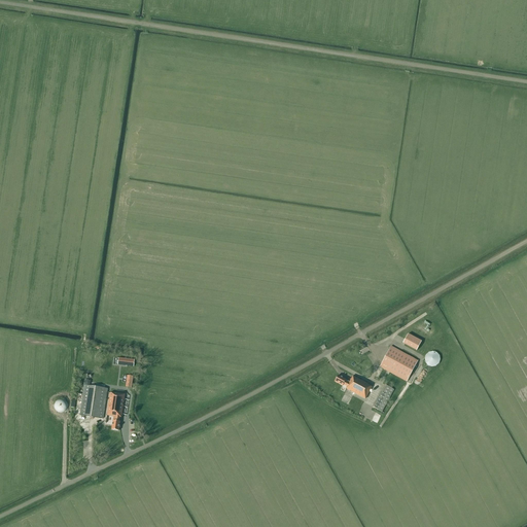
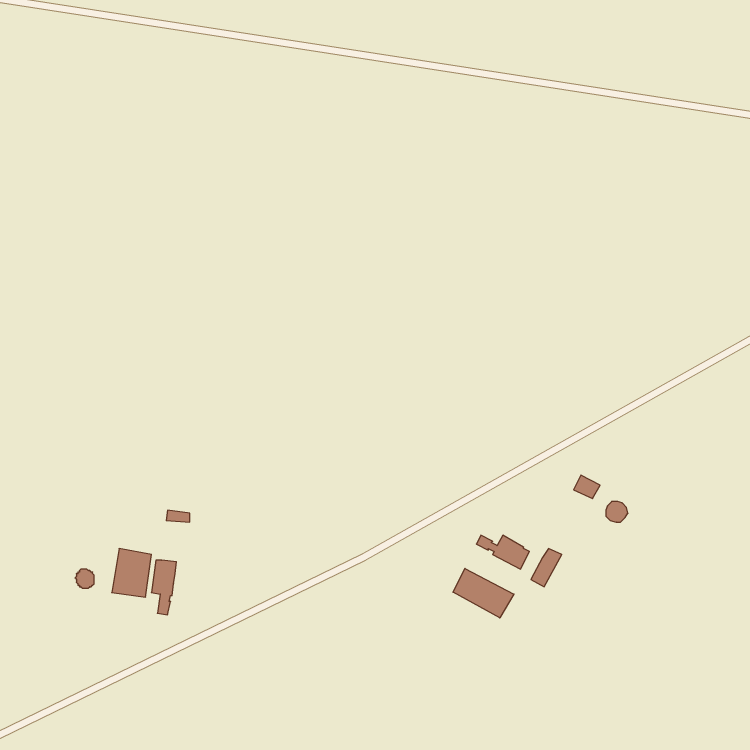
building: [379,345,417,381] -> none
building: none -> [453,568,514,618]

